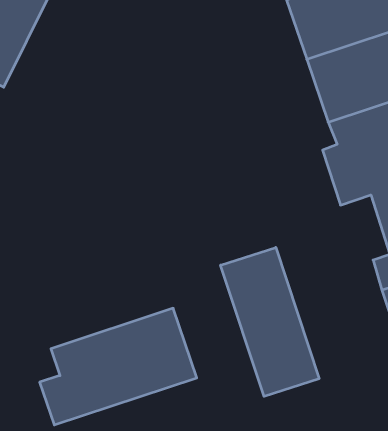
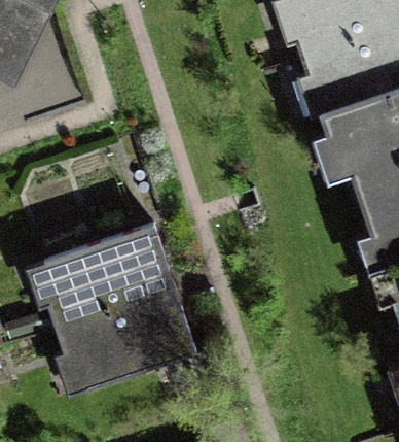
building: none -> [27,229,173,326]
building: [221,247,319,396] -> none

